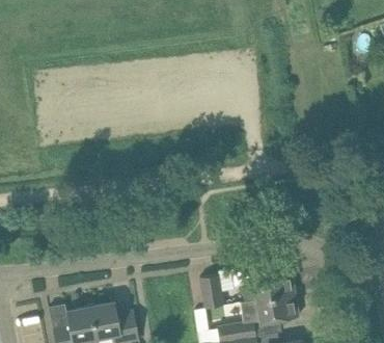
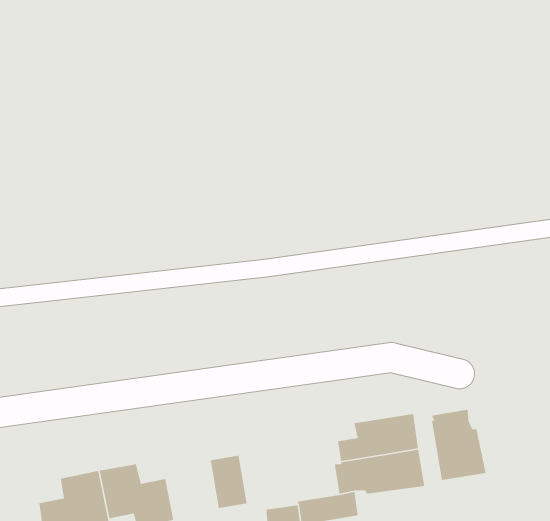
building: none -> [431,409,486,481]
building: [198,275,222,310] -> [210,455,247,509]

